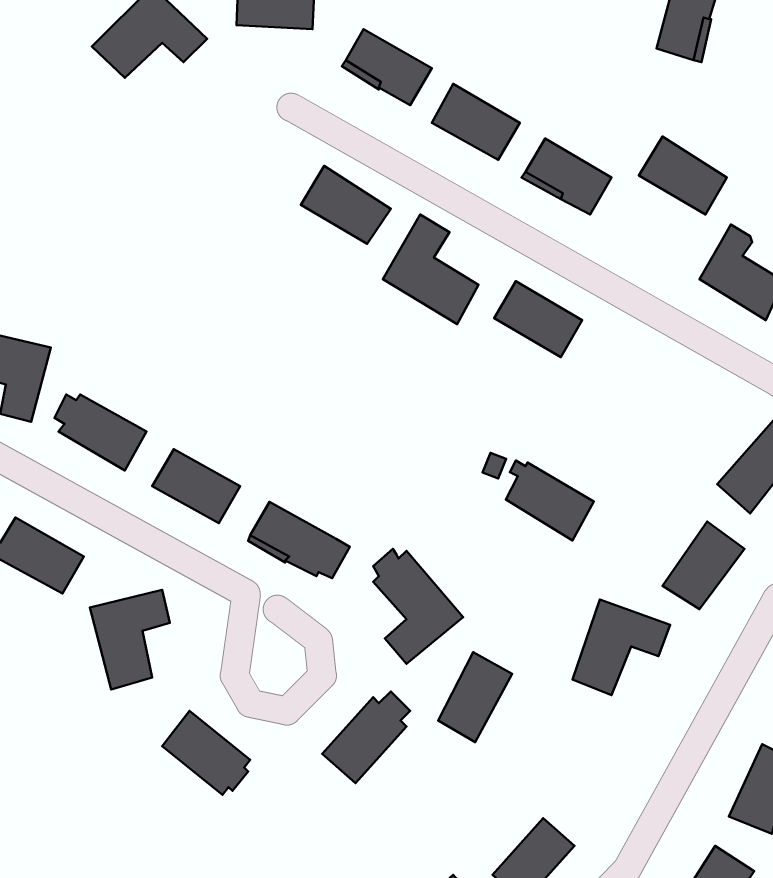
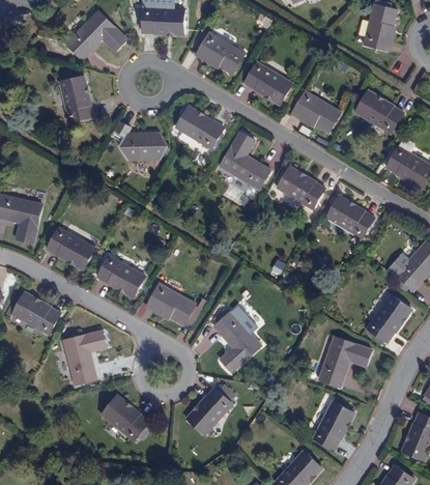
building: none -> [59,77,91,121]
building: none -> [111,120,166,160]
building: [506,460,594,541] -> [326,195,373,237]
building: [438,652,512,742] -> [314,401,353,449]

